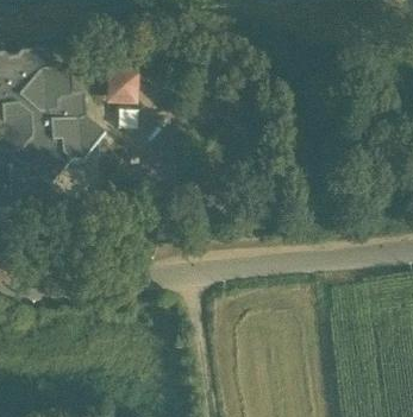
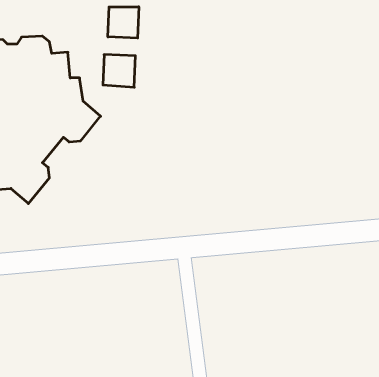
building: none -> [108,7,139,38]

